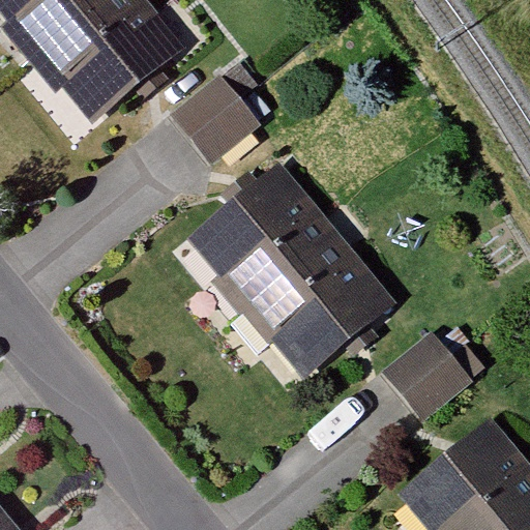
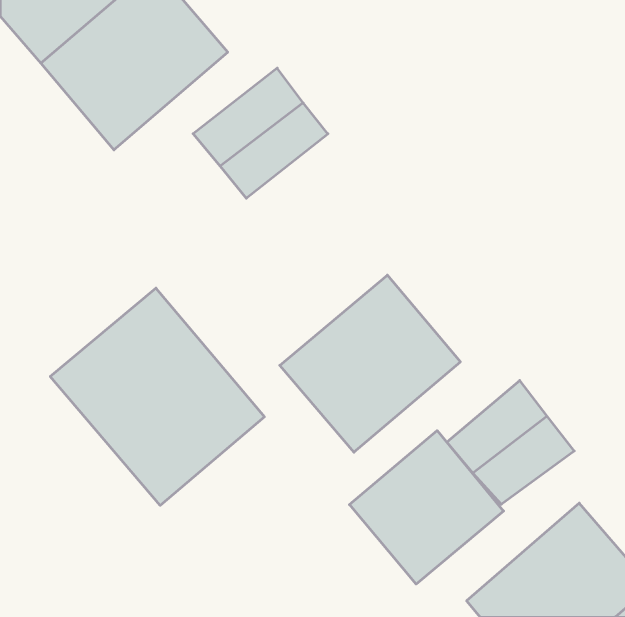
building: [180,158,330,305] -> none
building: none -> [50,288,264,505]
building: none -> [349,431,504,584]

